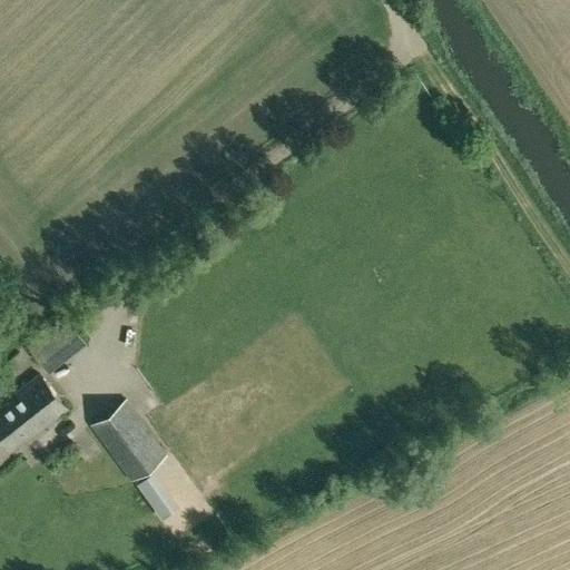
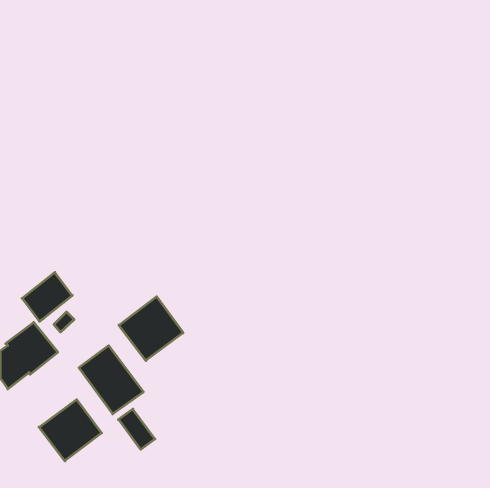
building: none -> [119,297,183,361]
building: none -> [39,400,102,461]

